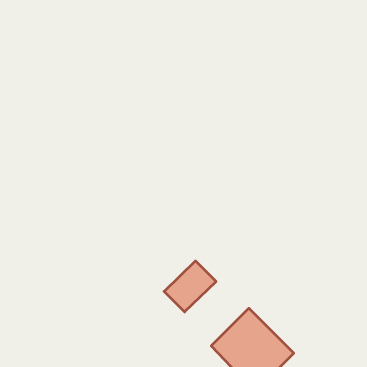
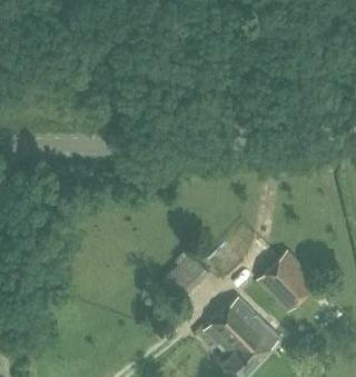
building: none -> [255,251,317,315]

